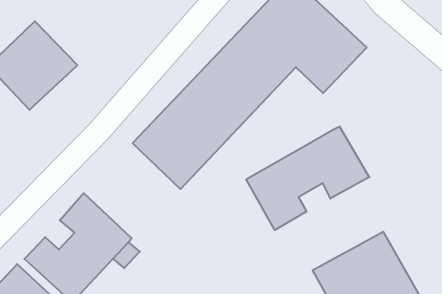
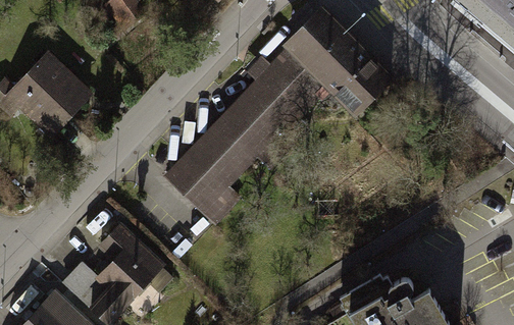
building: [246,126,369,230] -> none

